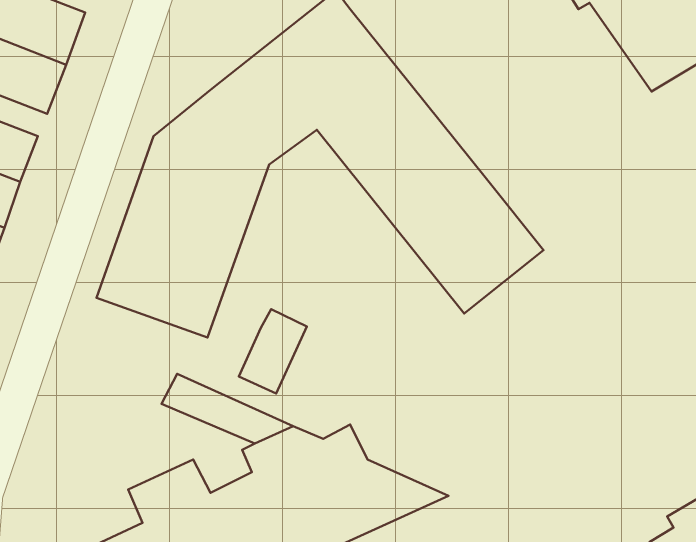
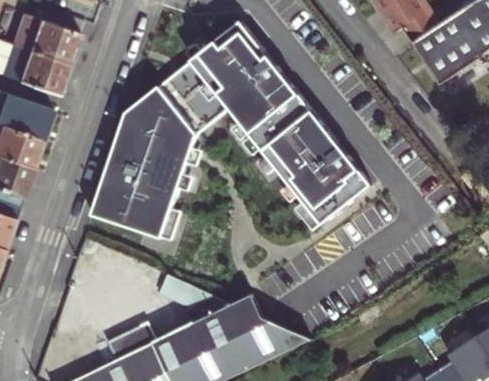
building: [239,309,307,394] -> none

